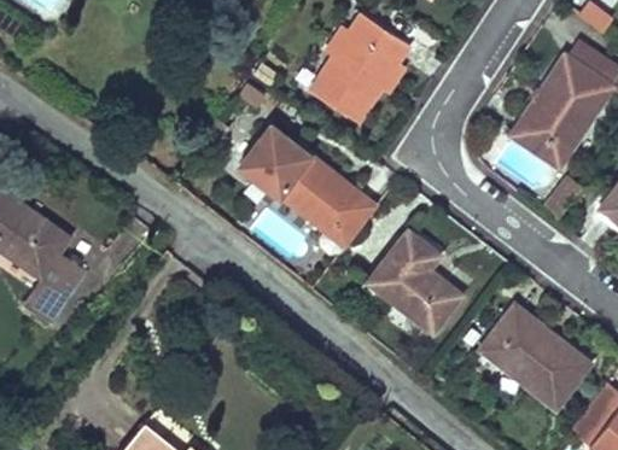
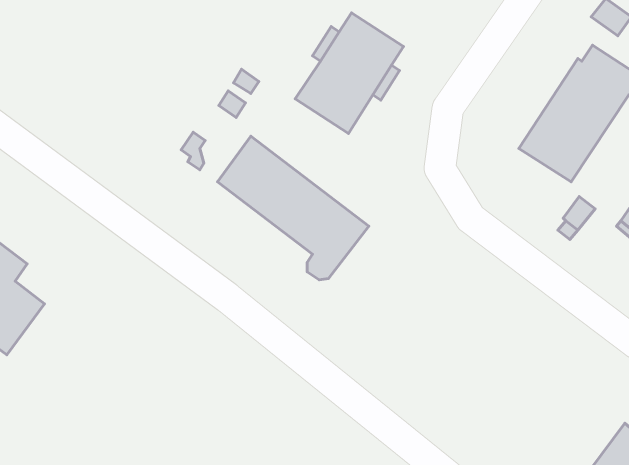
building: [367,229,461,332] -> none
building: [480,305,590,408] -> none

